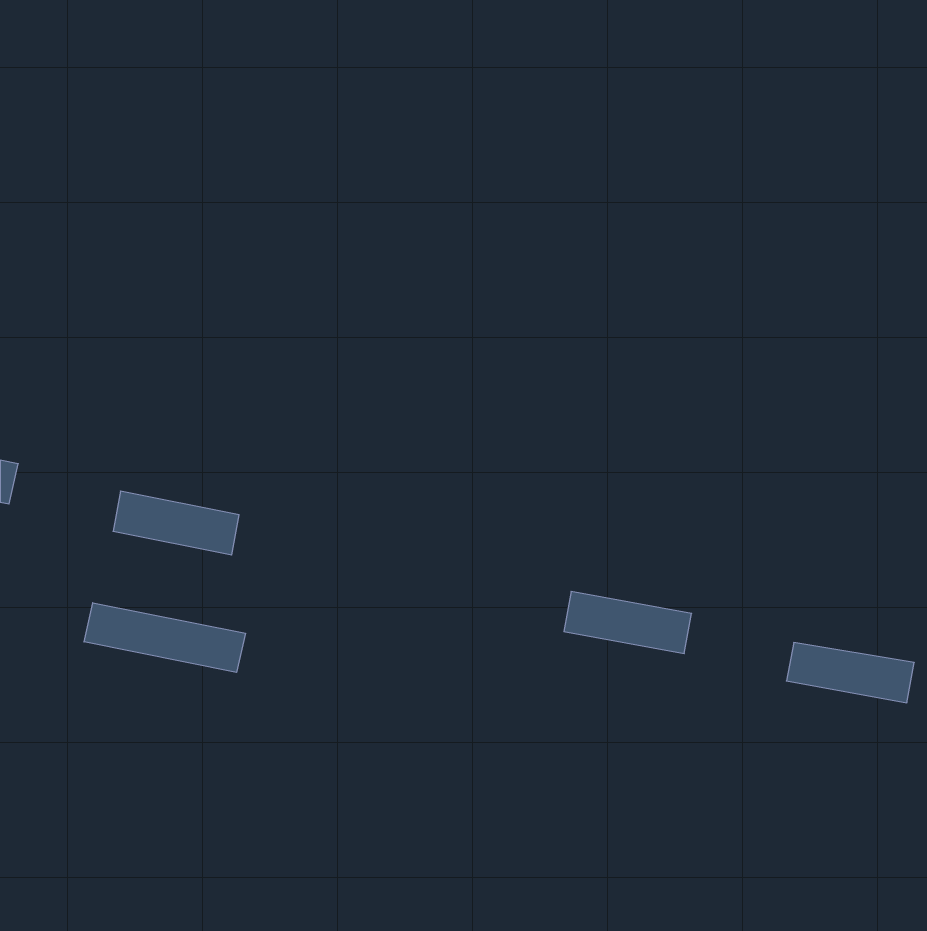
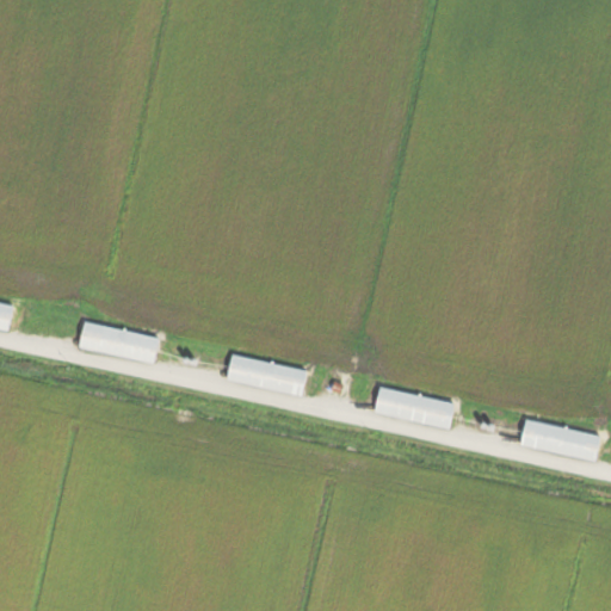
building: none -> [224,353,309,395]
building: [84,603,245,672] -> none

